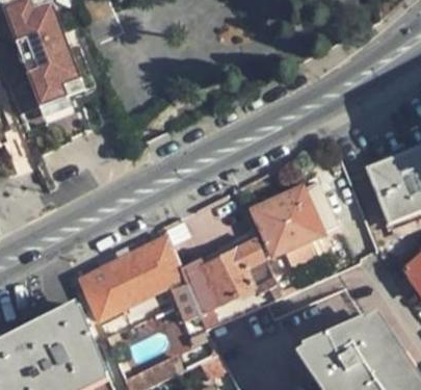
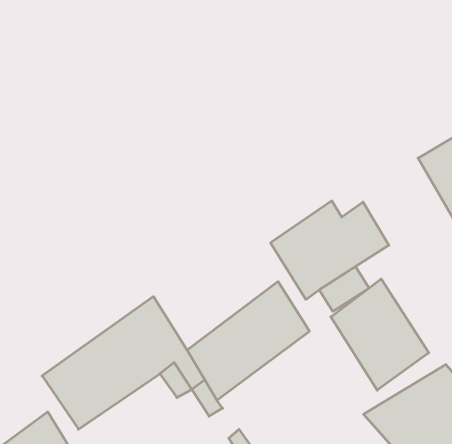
building: none -> [331,279,429,390]

